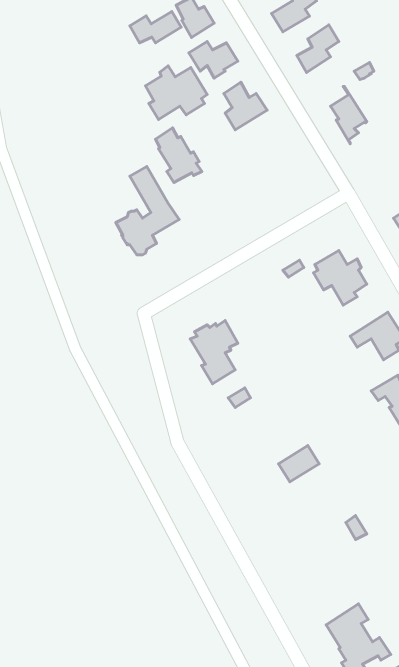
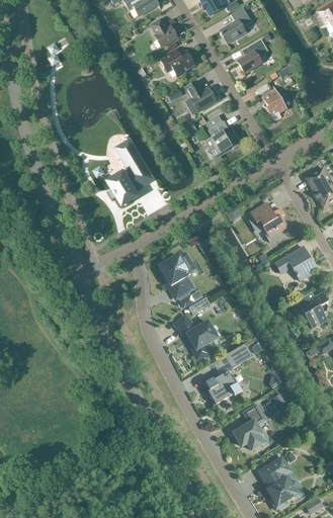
building: [130,12,181,43] -> none
building: [146,66,207,120] -> none
building: [156,128,202,183] -> [205,114,239,154]
building: none -> [174,315,218,358]
building: none -> [204,370,242,404]
building: none -> [233,405,269,449]

